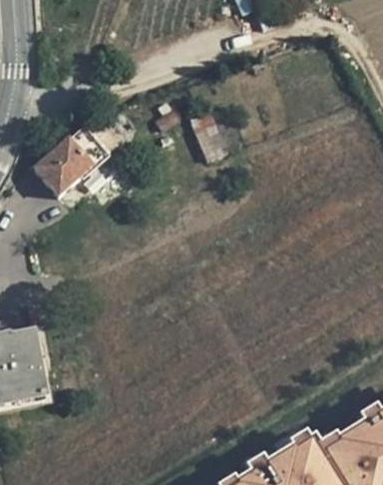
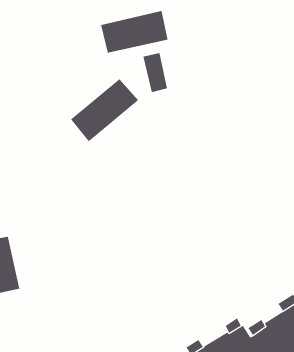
building: none -> [100,10,168,54]
building: [36,119,118,195] -> [70,78,139,142]

